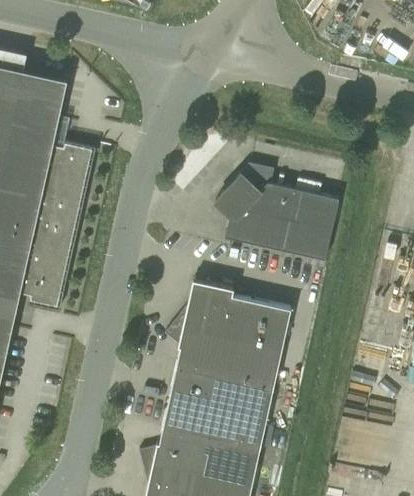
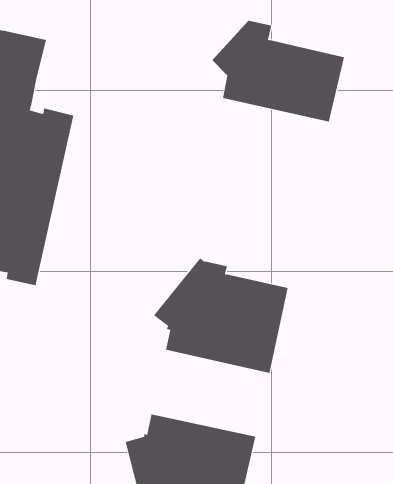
building: [215,166,338,260] -> [211,20,345,122]
building: [163,367,273,447] -> none

